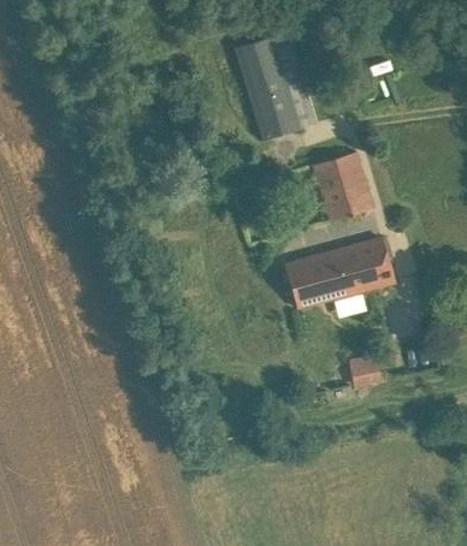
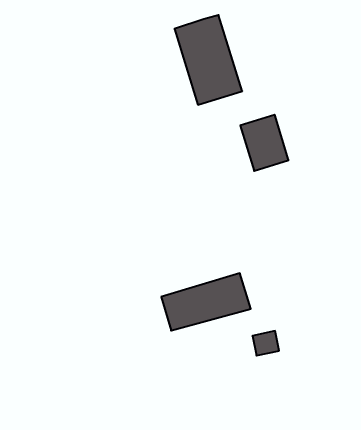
building: [286,238,396,308] -> [161,273,251,331]
building: [350,355,383,385] -> [252,331,279,356]

